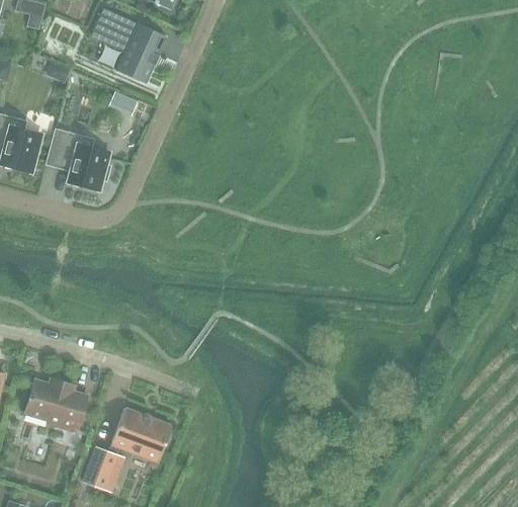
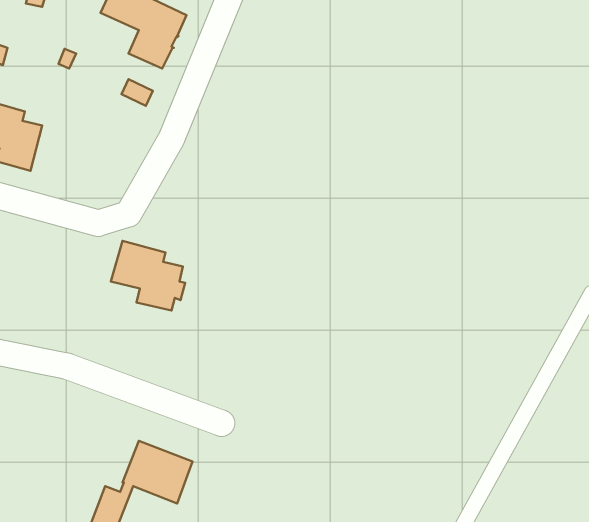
building: [47,130,111,190] -> [111,241,185,311]
building: [25,378,88,432] -> none

